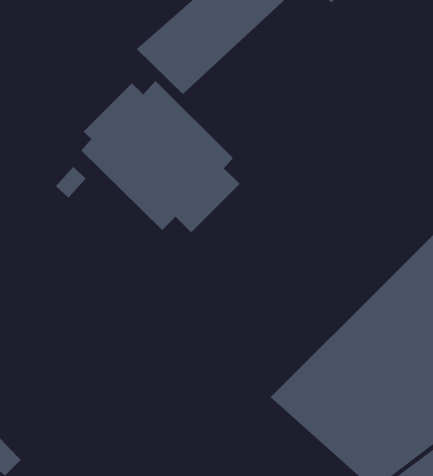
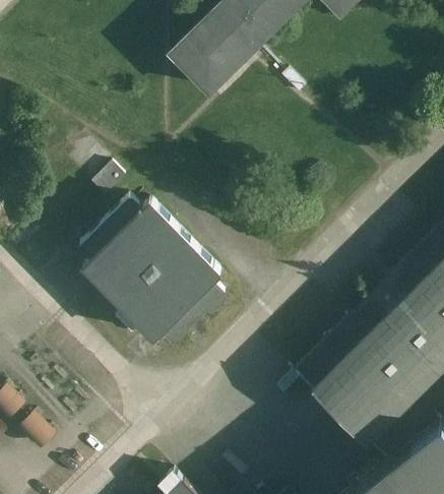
building: [80,80,240,233] -> [79,199,225,338]

